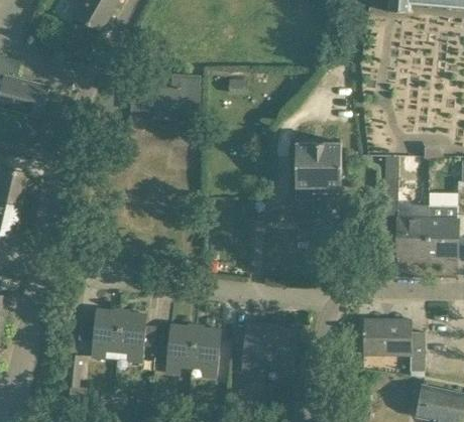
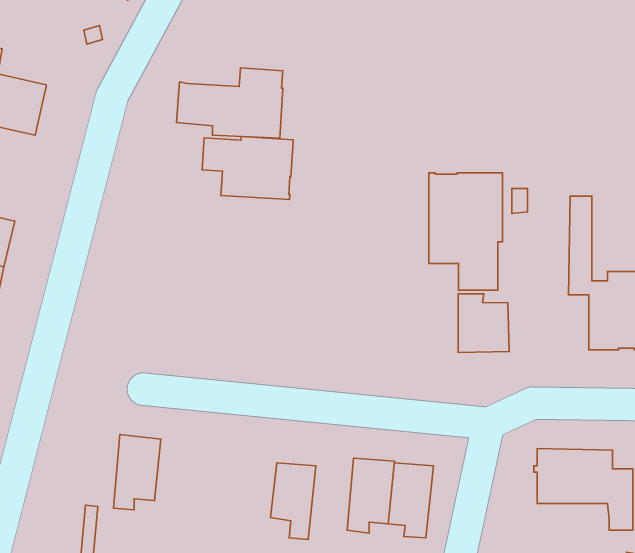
building: none -> [202,136,293,200]
building: none -> [458,294,509,352]
building: [117,312,146,362] -> none
building: [165,324,196,374] -> none

